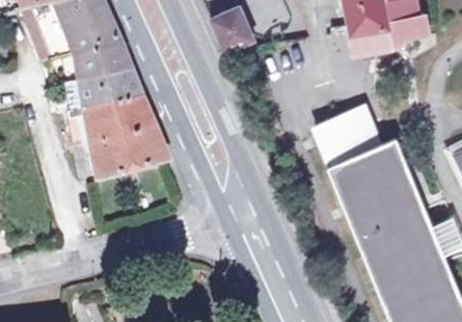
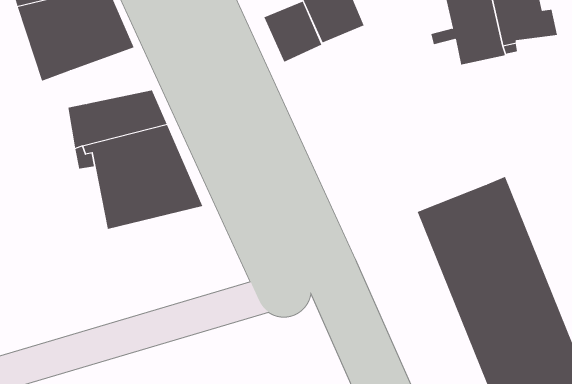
building: [65,37,128,80] -> none
building: [317,102,381,161] -> none

